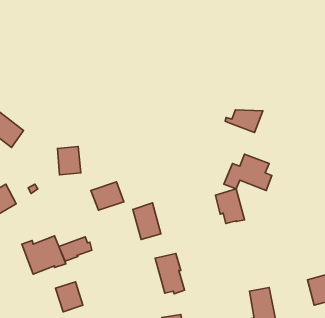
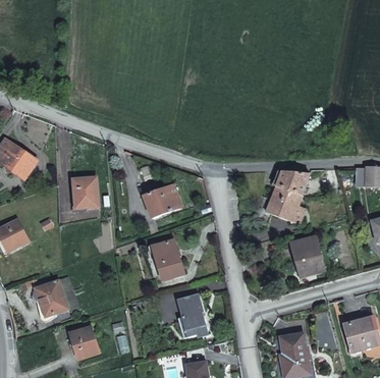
building: [225,110,263,132] -> [269,172,310,197]
building: [91,182,124,210] -> [145,185,180,216]
building: [215,189,245,224] -> [291,236,323,274]
building: [59,237,92,261] -> none

